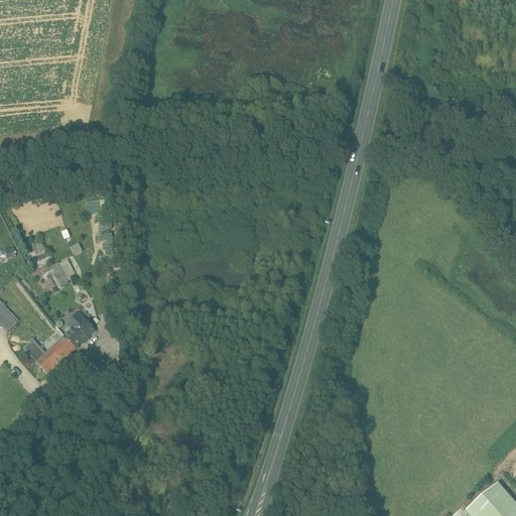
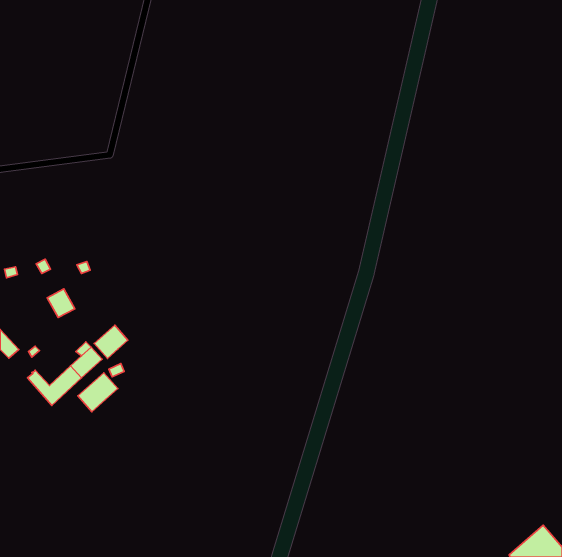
building: none -> [94,325,128,358]
building: none -> [78,373,118,412]

